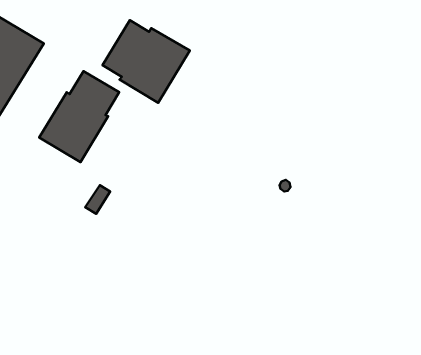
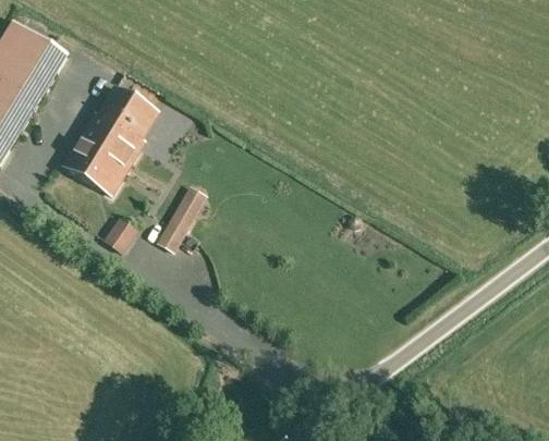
building: [102,20,190,103] -> none
building: none -> [163,184,211,256]

